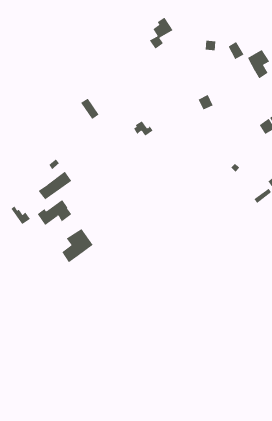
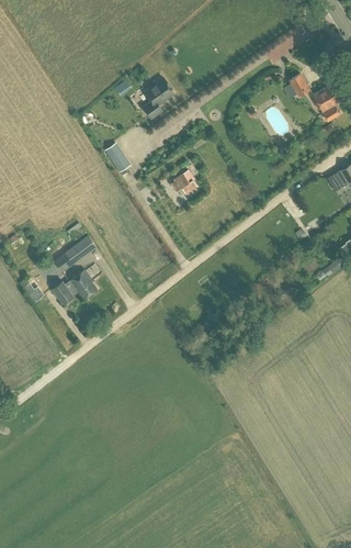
building: [149,17,174,49] -> [143,78,173,119]
building: [61,228,93,263] -> none

